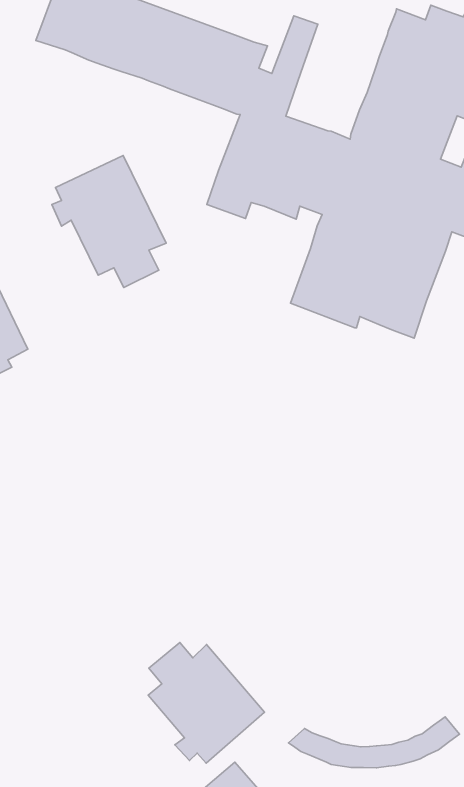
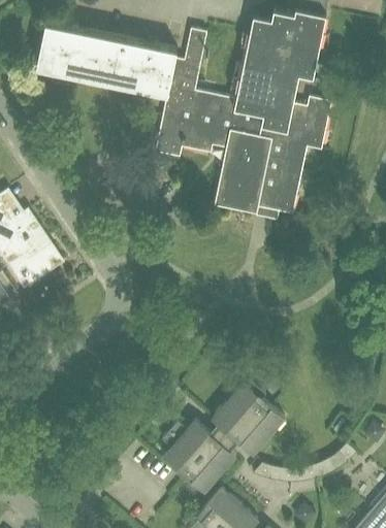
building: [52,155,166,288] -> none
building: none -> [212,376,284,457]

